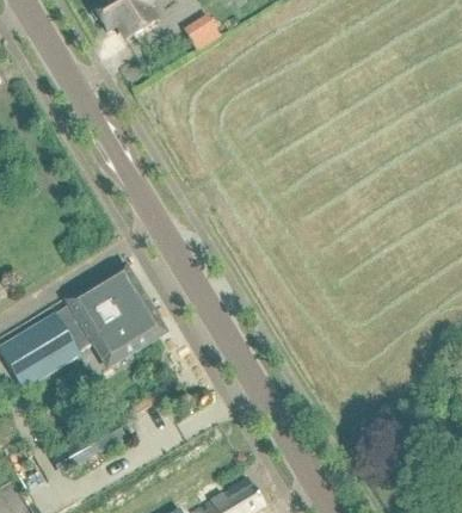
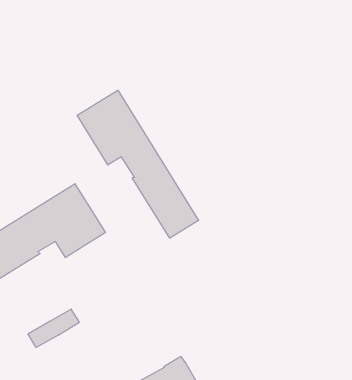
building: none -> [77,90,199,238]

